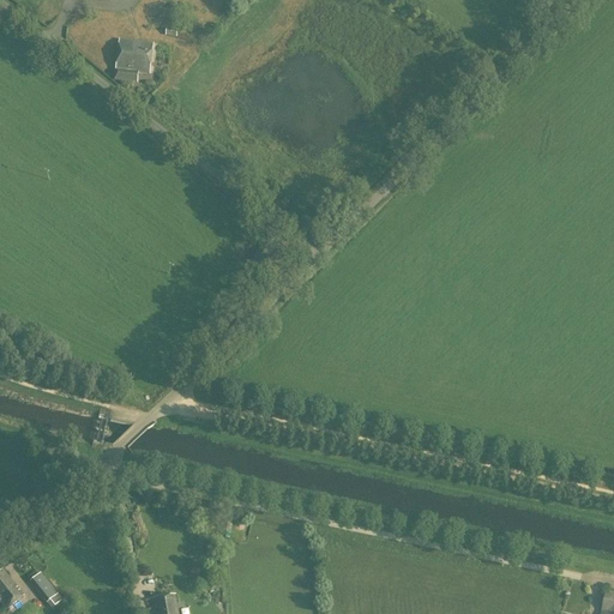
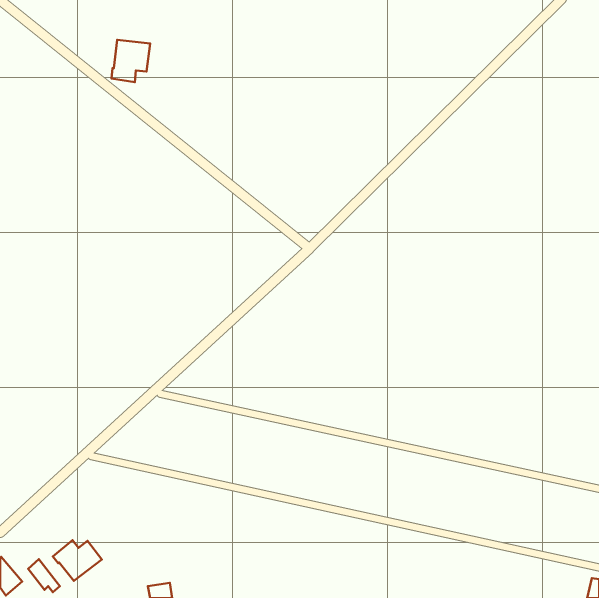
building: none -> [53,540,102,581]

